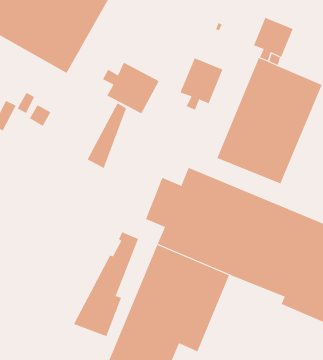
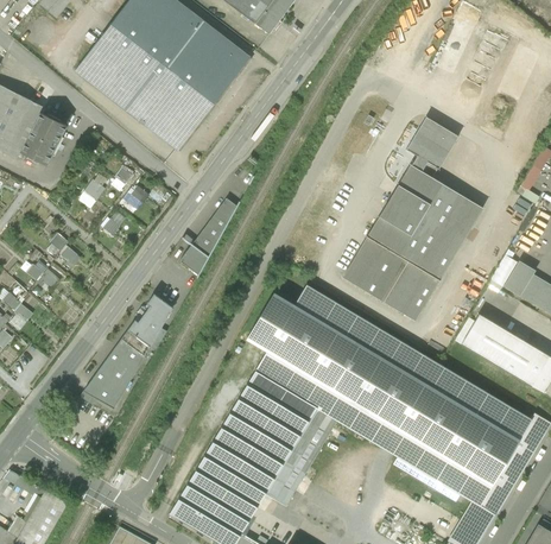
building: [180,57,223,111] -> none
building: [102,62,159,114] -> none
building: [73,232,139,337] -> [86,291,179,415]

